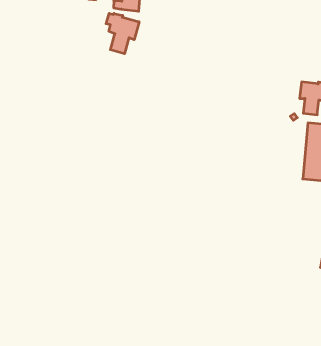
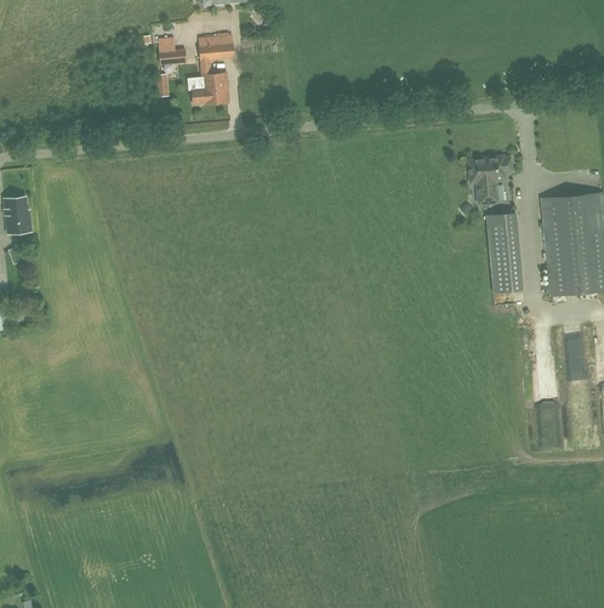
building: [106,13,139,54] -> none

